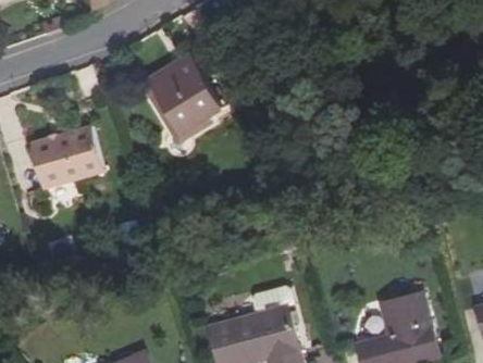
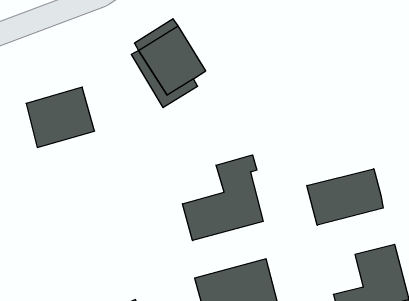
building: none -> [182,155,263,241]
building: none -> [307,169,383,225]

